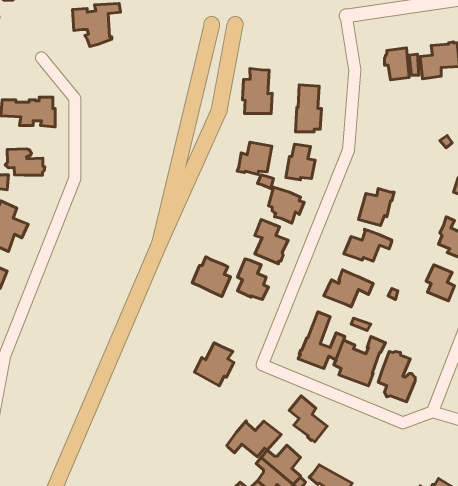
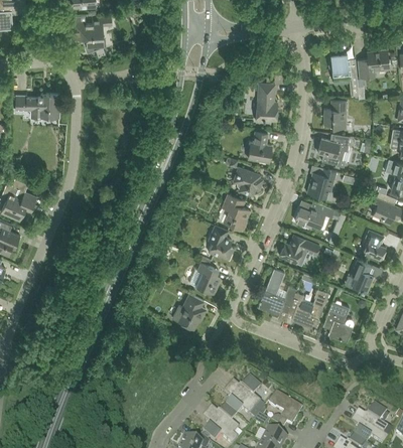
building: [242,68,272,113] -> none
building: none -> [323,100,347,128]
building: [237,142,272,174] -> none
building: none -> [318,134,351,167]
building: [5,149,45,175] -> none
building: [192,257,230,296] -> [189,263,221,295]
building: none -> [351,261,374,292]
building: [289,396,327,442] -> none
building: [227,421,281,457] -> none

